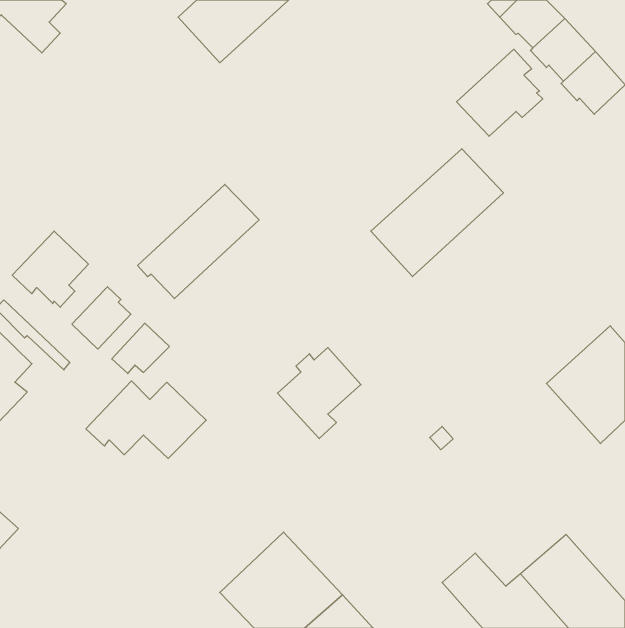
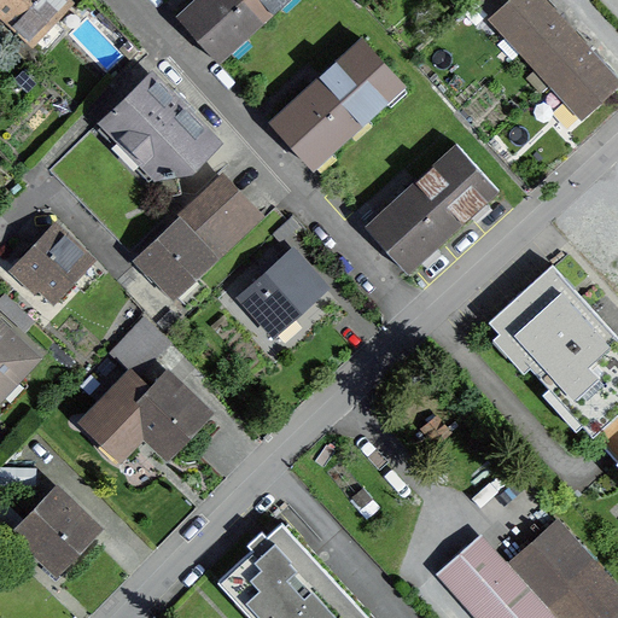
building: none -> [269,40,401,167]
building: [457,49,543,136] -> none
building: none -> [105,77,212,171]
building: none -> [486,264,600,377]
building: [72,287,131,349] -> none
building: [277,348,361,439] -> [240,251,322,340]
building: none -> [17,491,92,566]

